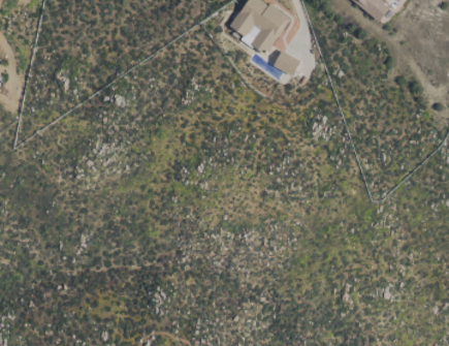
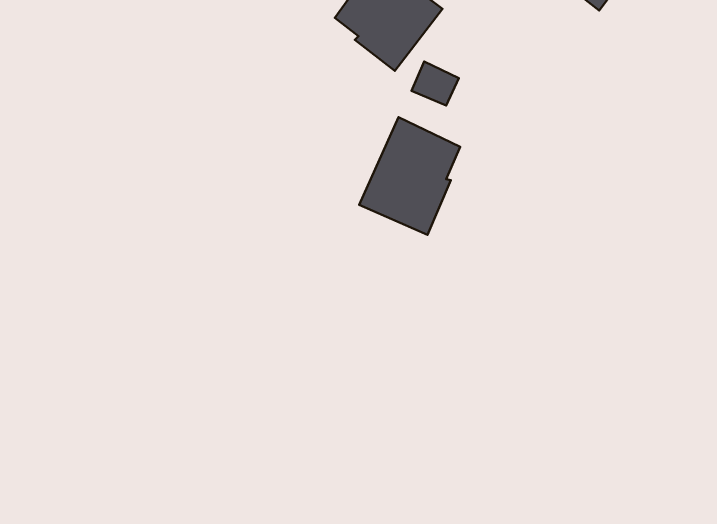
building: none -> [359,117,460,235]

